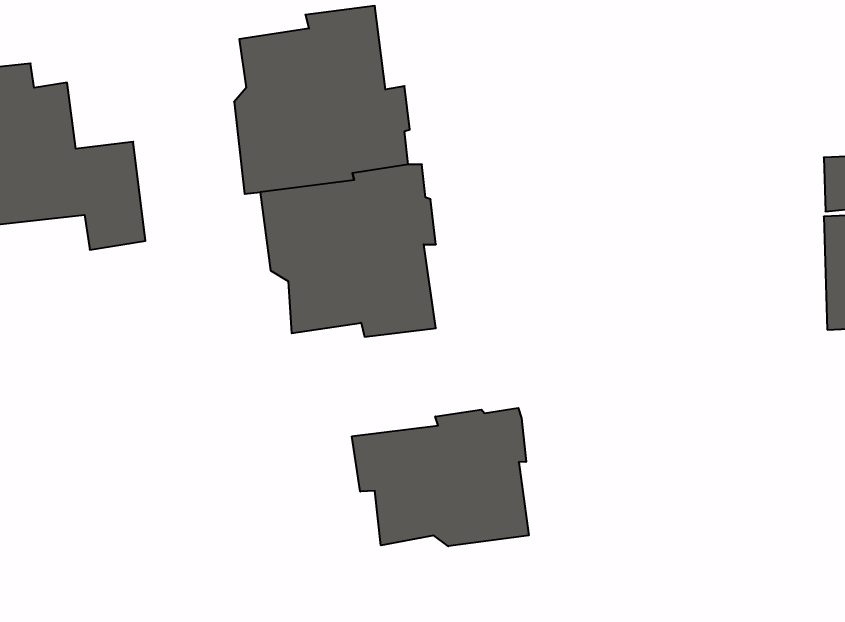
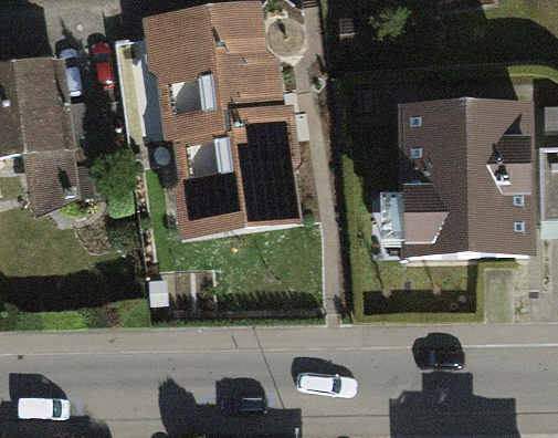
building: none -> [399,113,518,255]
building: [352,408,529,546] -> none

